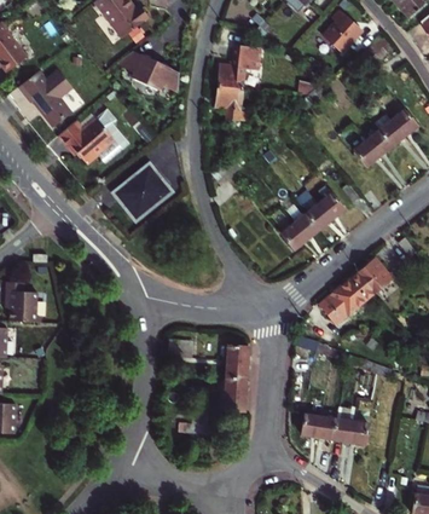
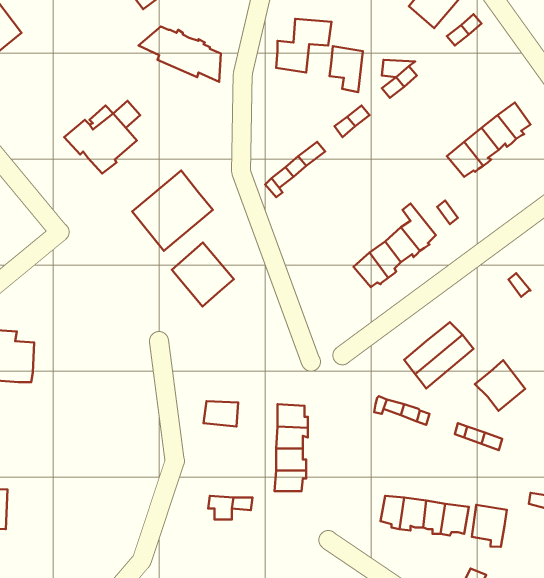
building: [21,70,75,127] -> none
building: [220,83,245,119] -> [330,46,363,92]
building: none -> [172,243,234,307]
building: [355,260,394,299] -> [475,360,525,411]
building: none -> [472,505,507,547]

